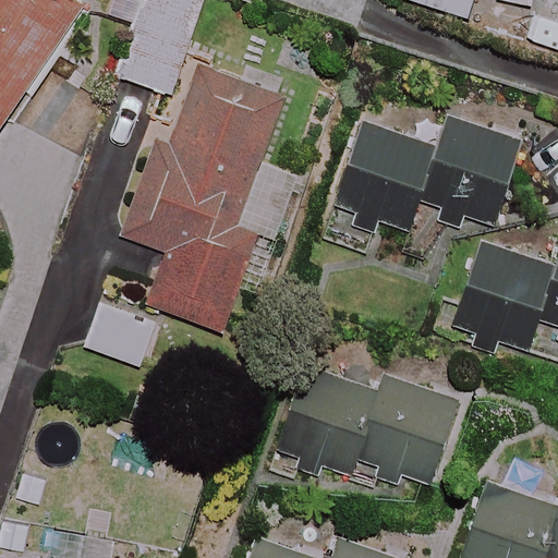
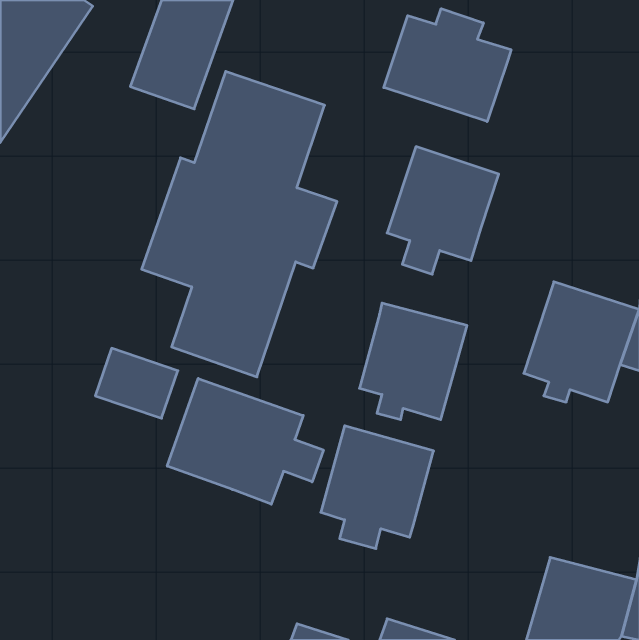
building: none -> [384,9,511,122]
building: [420,119,520,229] -> none
building: none -> [167,378,323,504]
building: [361,383,454,484] -> [359,303,467,420]

